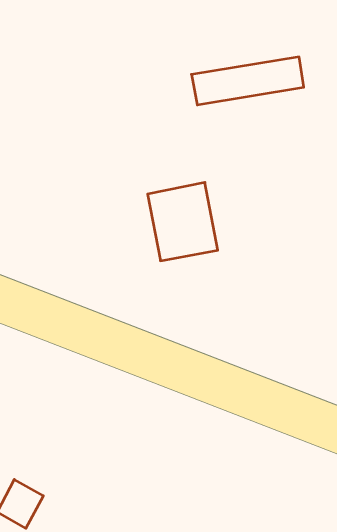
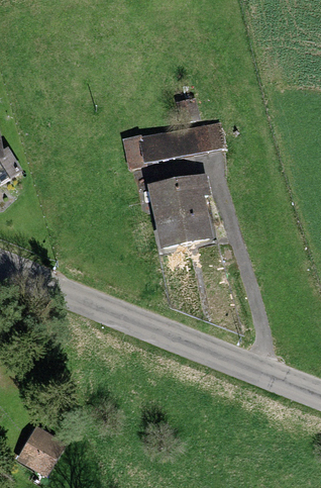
building: [191,57,304,105] -> [125,124,222,166]

